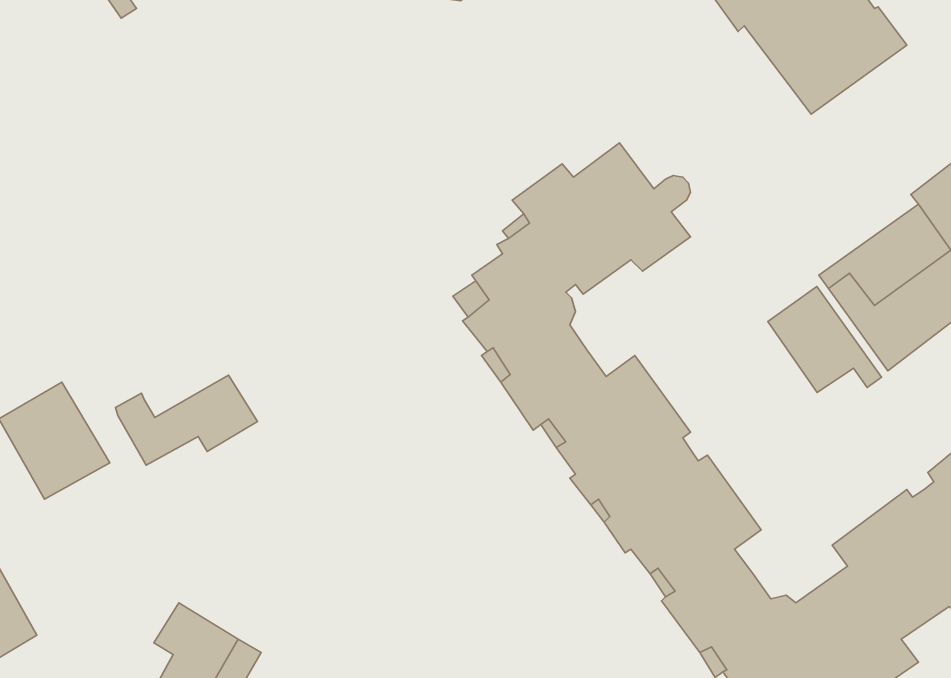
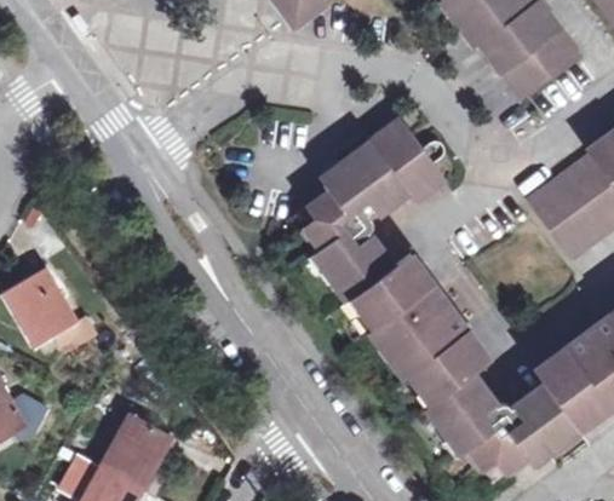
building: [768,287,881,392] -> none
building: [115,375,258,465] -> none

